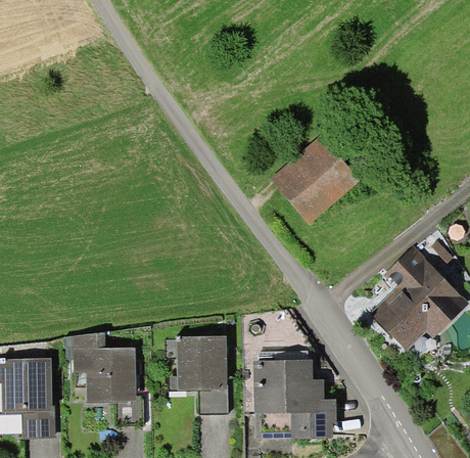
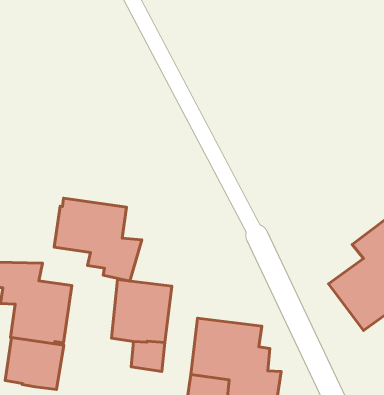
building: [271,136,359,223] -> none
building: none -> [54,198,142,281]
building: none -> [5,338,64,390]

